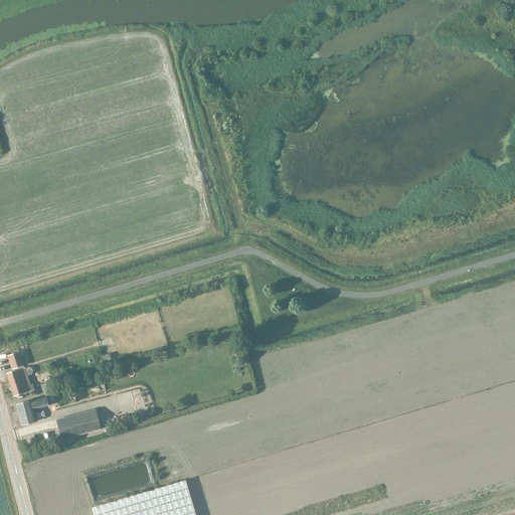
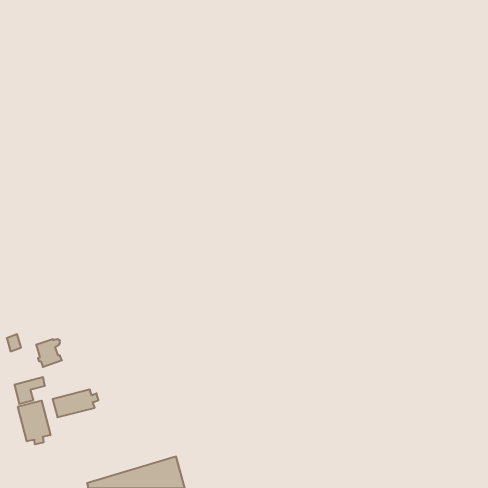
building: [6,368,33,397] -> [36,339,62,367]
building: none -> [18,401,50,444]

